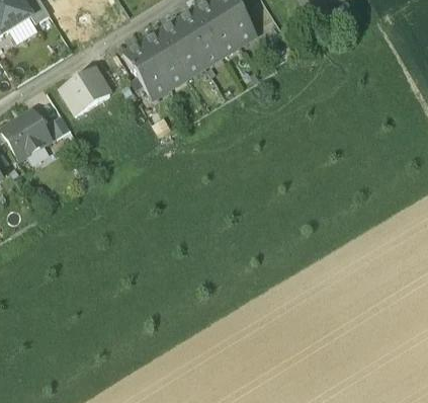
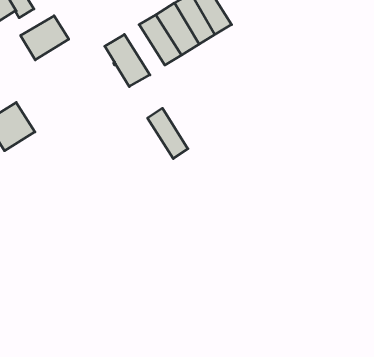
building: [145,29,186,81] -> [148,108,188,159]
building: [62,69,111,114] -> [21,16,69,60]

